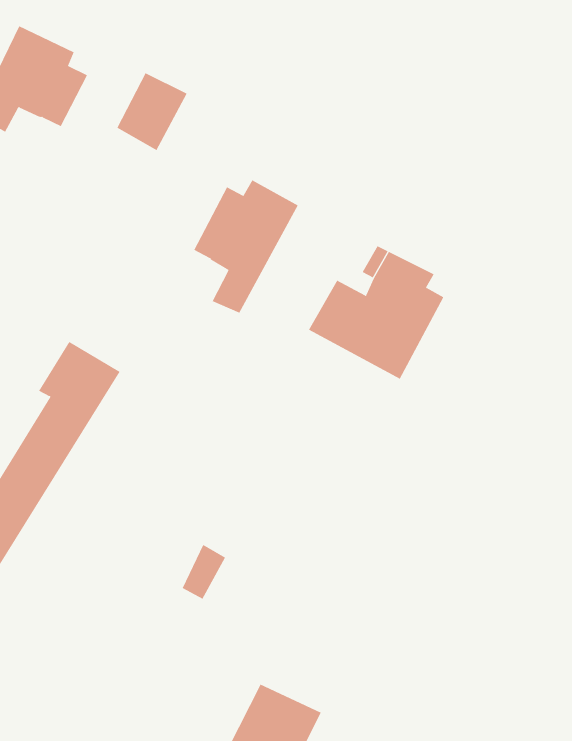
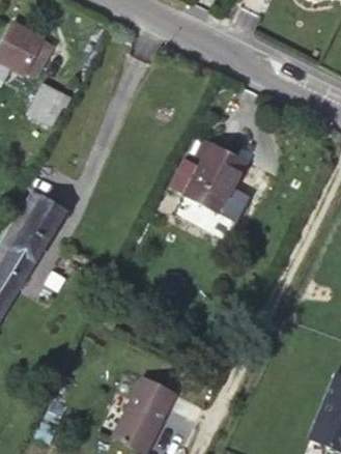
building: [117,72,187,151] -> [27,83,65,125]
building: [194,180,298,314] -> none

